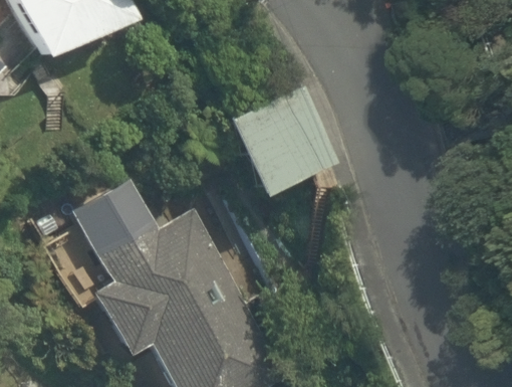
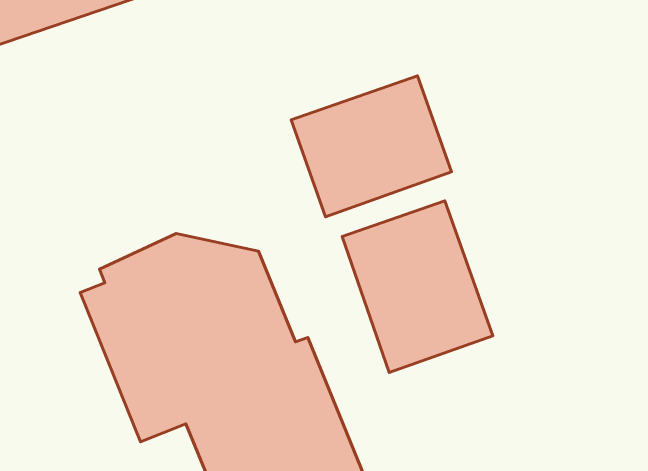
building: none -> [342,201,493,372]

